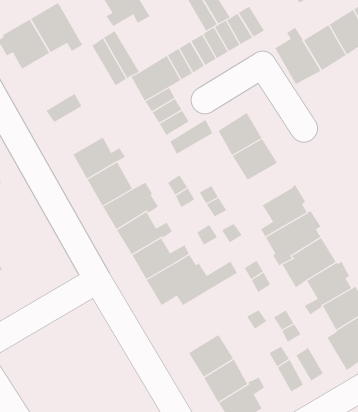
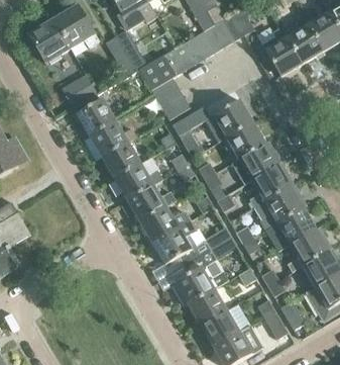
building: none -> [76,98,115,135]
building: none -> [236,143,276,185]
building: none -> [172,237,236,305]

